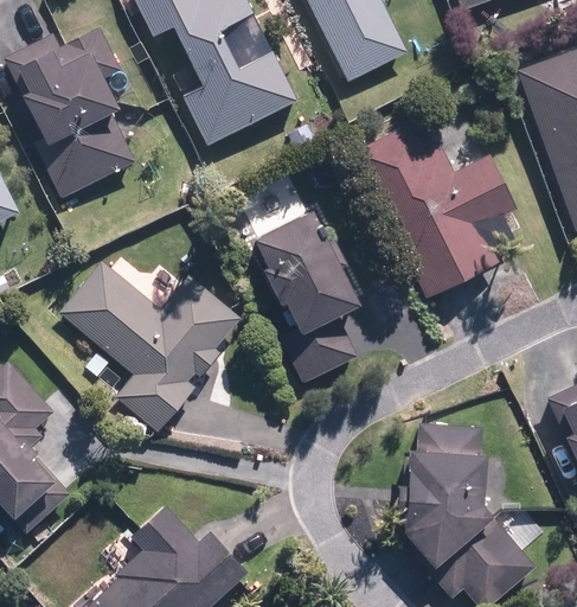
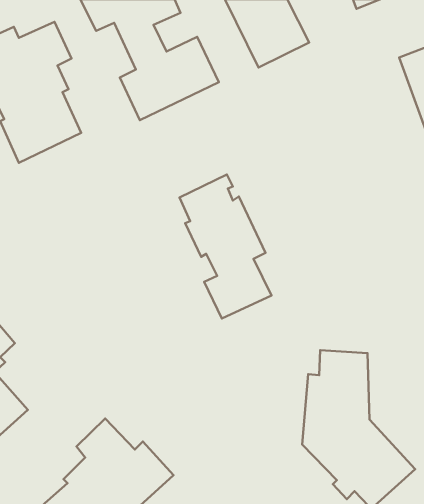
building: [348,114,515,299] -> none
building: [57,255,242,430] -> none

